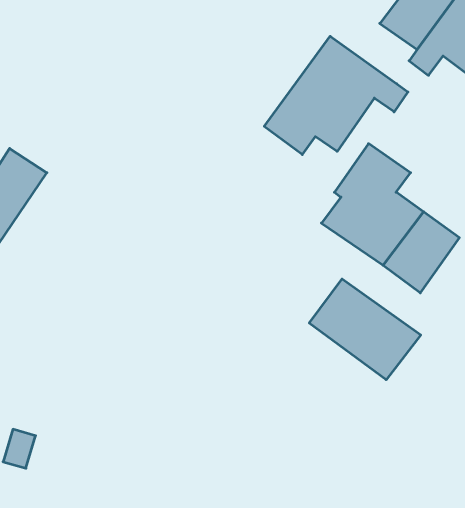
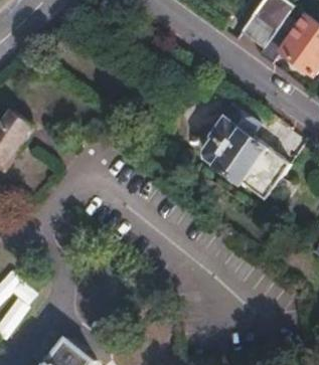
building: [264,36,408,155] -> none
building: [309,279,421,380] -> none

